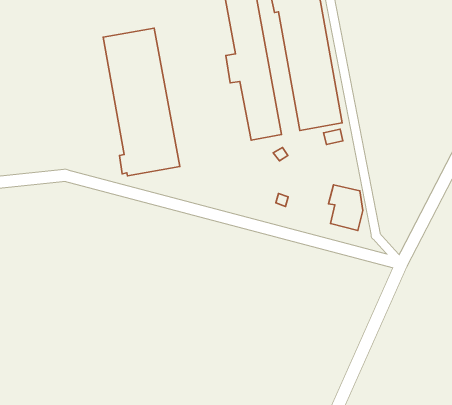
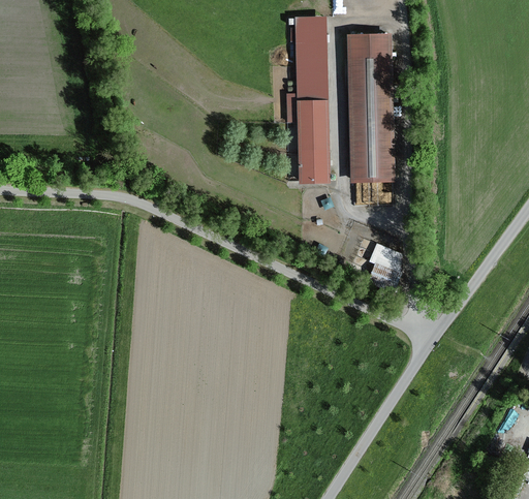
building: [103,28,180,176] -> none

